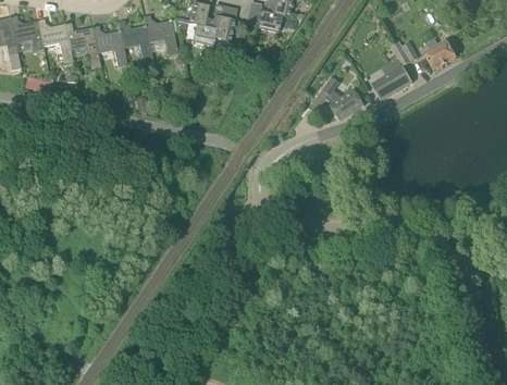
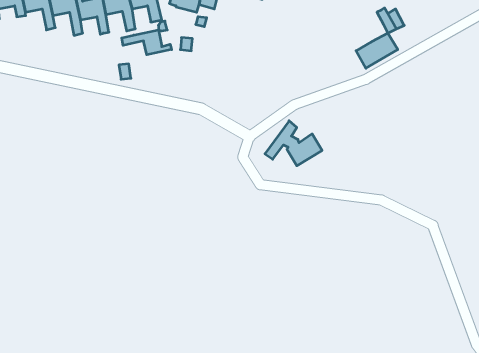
building: [424,40,456,70] -> none
building: none -> [122,30,172,55]
building: [308,75,364,120] -> [265,121,322,166]

